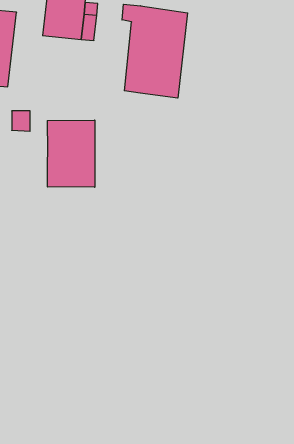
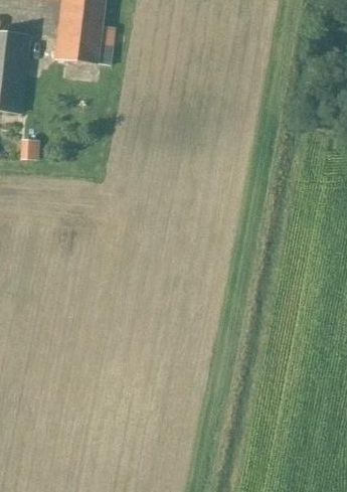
building: [122,4,188,98] -> none
building: [47,120,95,187] -> none

